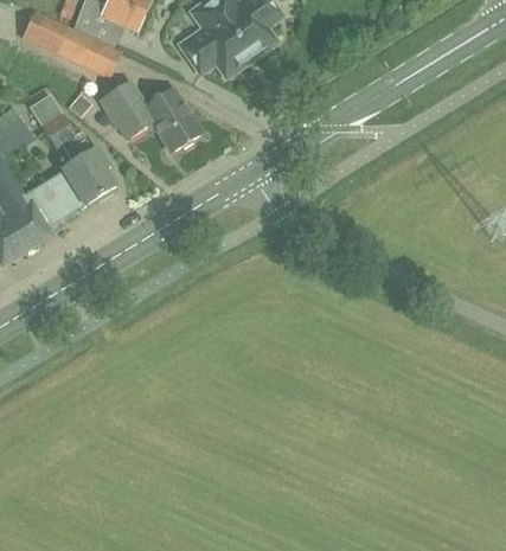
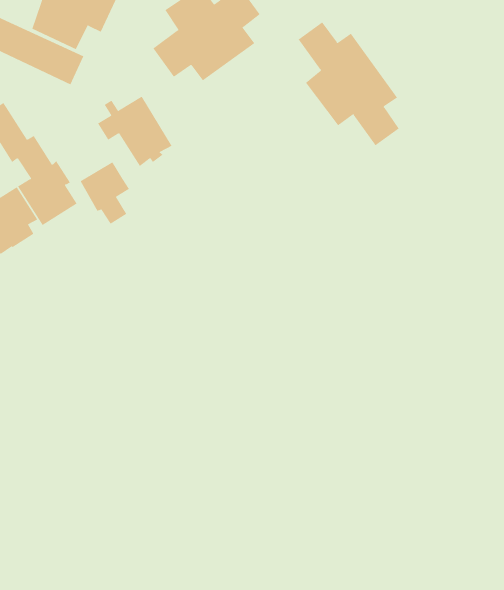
building: none -> [298,22,400,146]
building: [100,81,145,137] -> [80,161,130,224]

